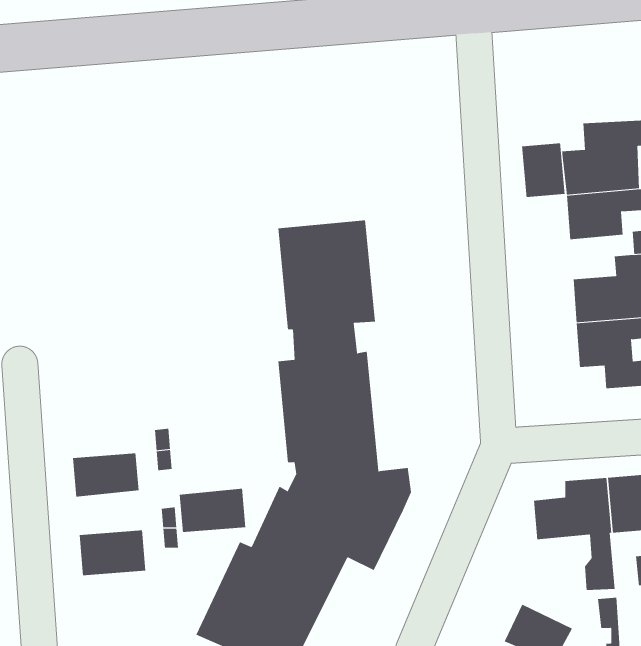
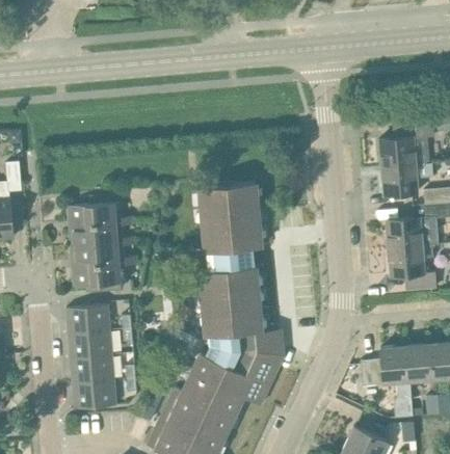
building: [521,143,565,198] -> none
building: none -> [67,193,137,293]
building: none -> [67,304,109,333]
building: [179,488,246,532] -> [71,354,113,382]

